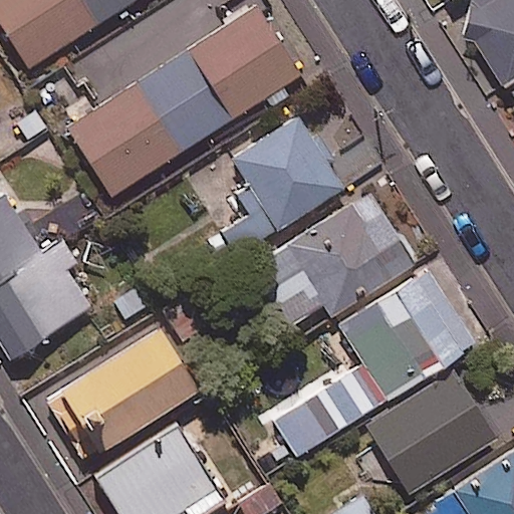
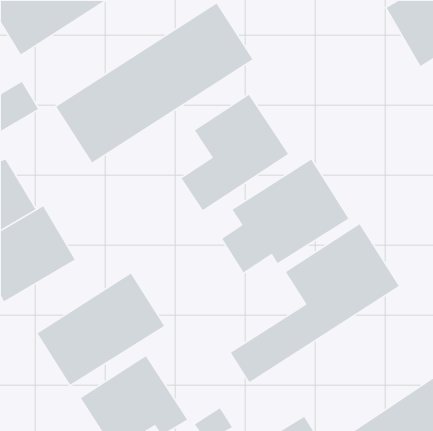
building: [366,371,496,493] -> none

